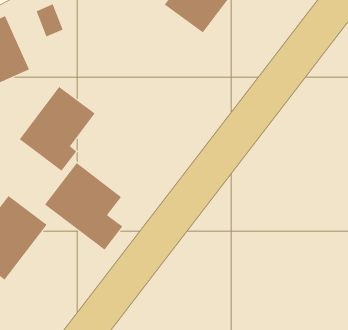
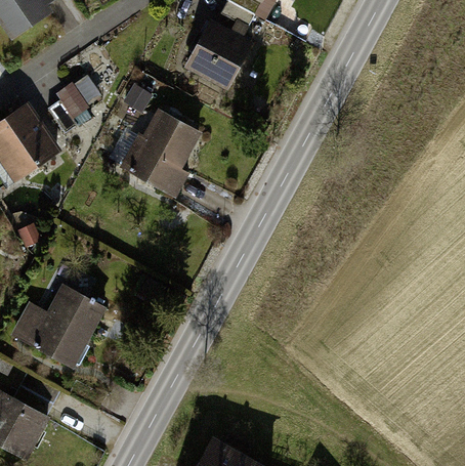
building: [19,86,96,172] -> [128,113,201,198]
building: [44,162,123,251] -> none

